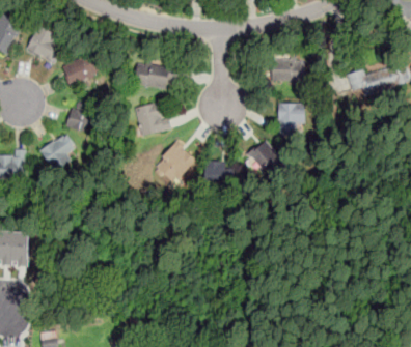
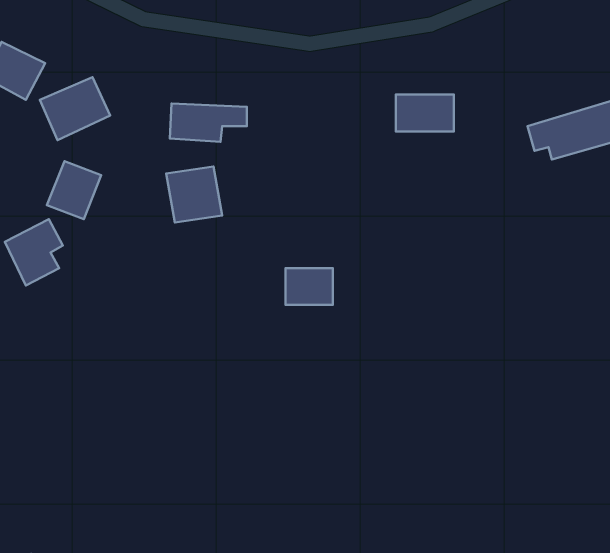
building: [278,104,305,135] -> none
building: [154,141,196,184] -> none
building: [248,141,285,178] -> none

